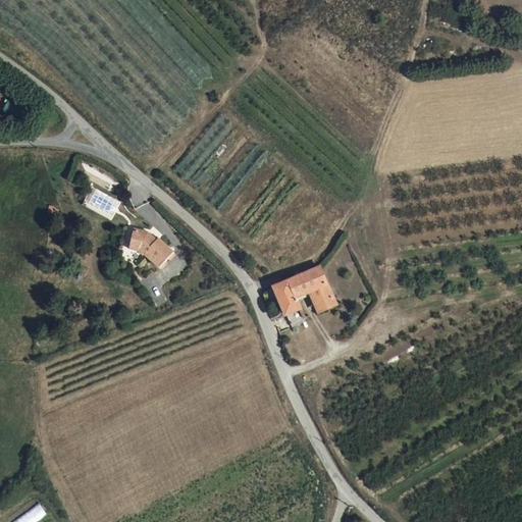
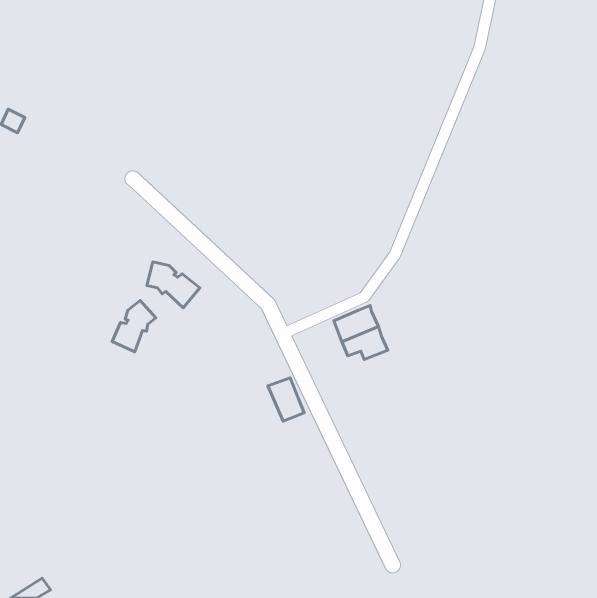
building: none -> [112,300,156,352]
building: [270,278,302,316] -> [268,378,304,421]

